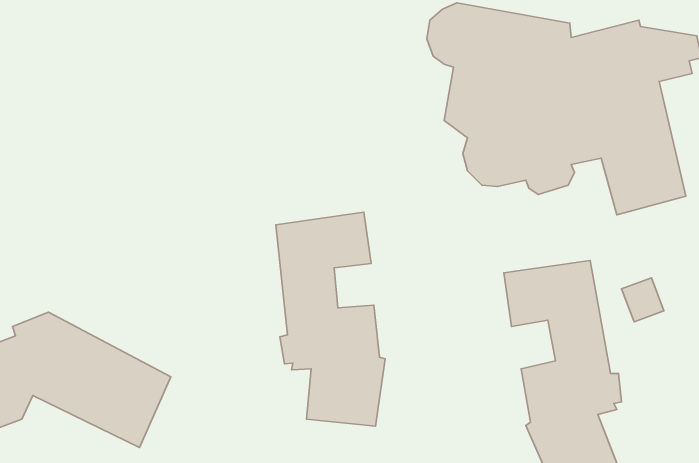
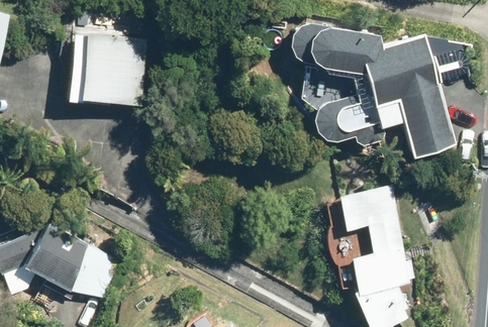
building: none -> [67,33,145,105]
building: [276,212,385,426] -> none

